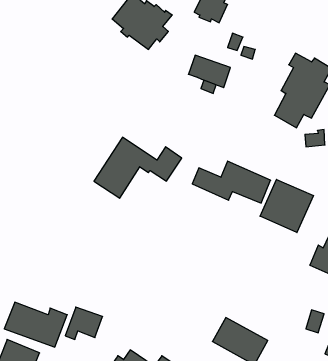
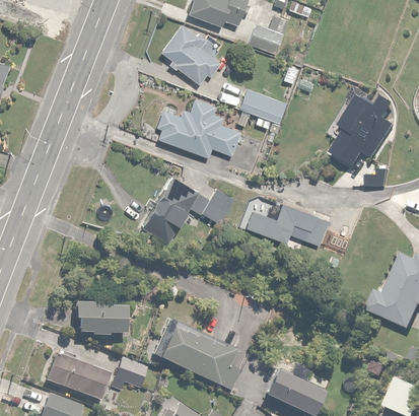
building: none -> [156,99,240,157]
building: [260,179,313,233] -> none
building: none -> [75,302,128,337]
building: none -> [151,321,241,391]

